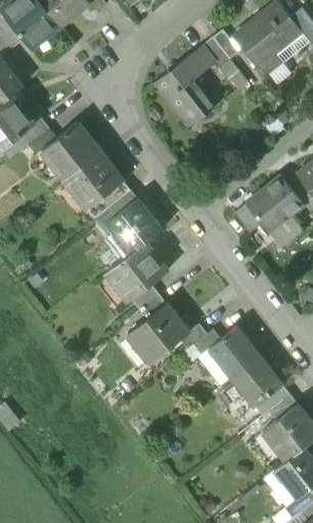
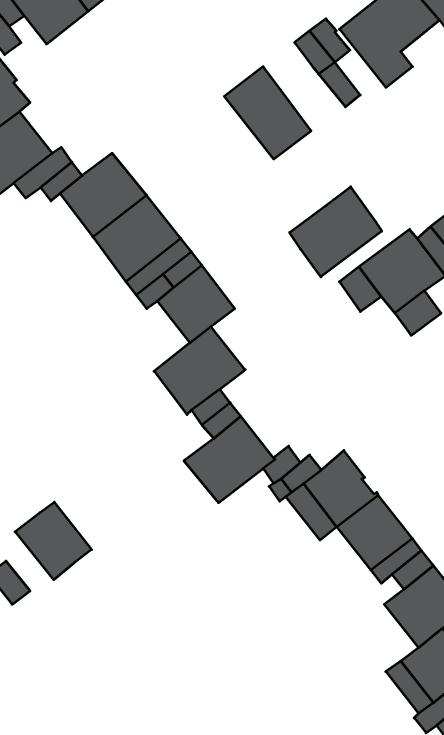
building: [181,47,215,80] -> none
building: none -> [290,187,382,277]
building: none -> [15,502,92,580]

